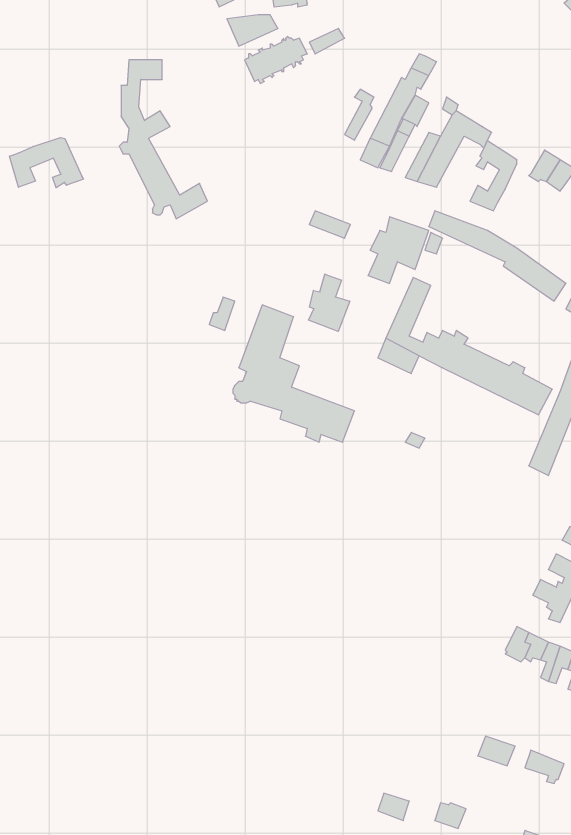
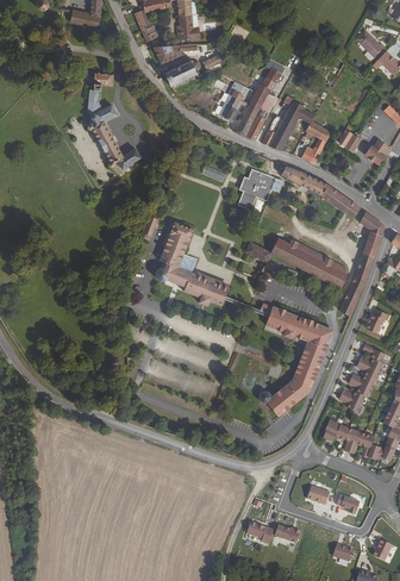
building: [10,138,84,188] -> none
building: [308,274,350,331] -> none
building: none -> [260,305,335,416]

